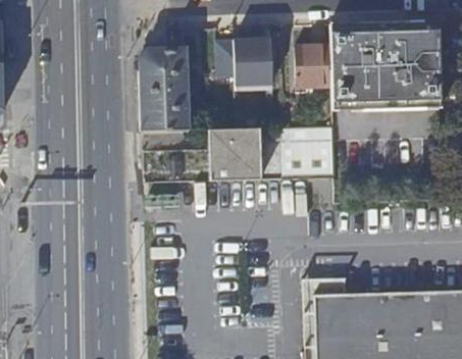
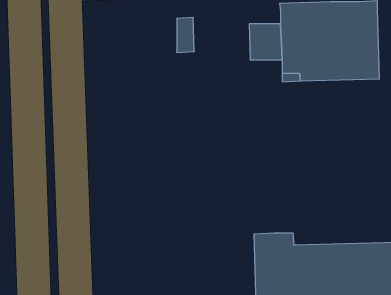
building: [234,37,271,86] -> none
building: [141,46,183,130] -> none
building: [215,125,335,178] -> none

